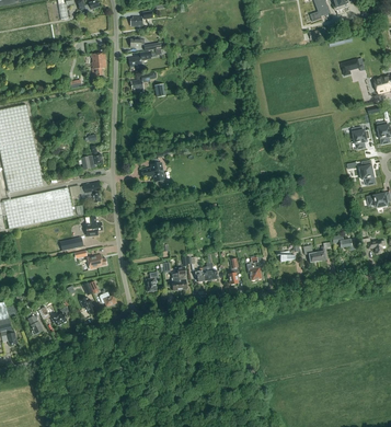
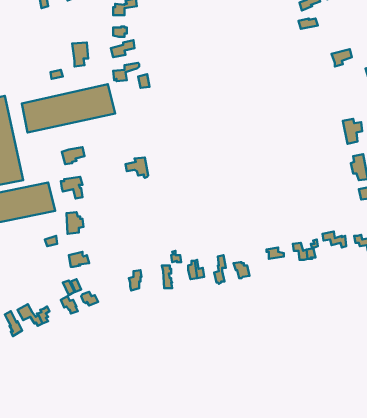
building: none -> [22,84,115,132]

